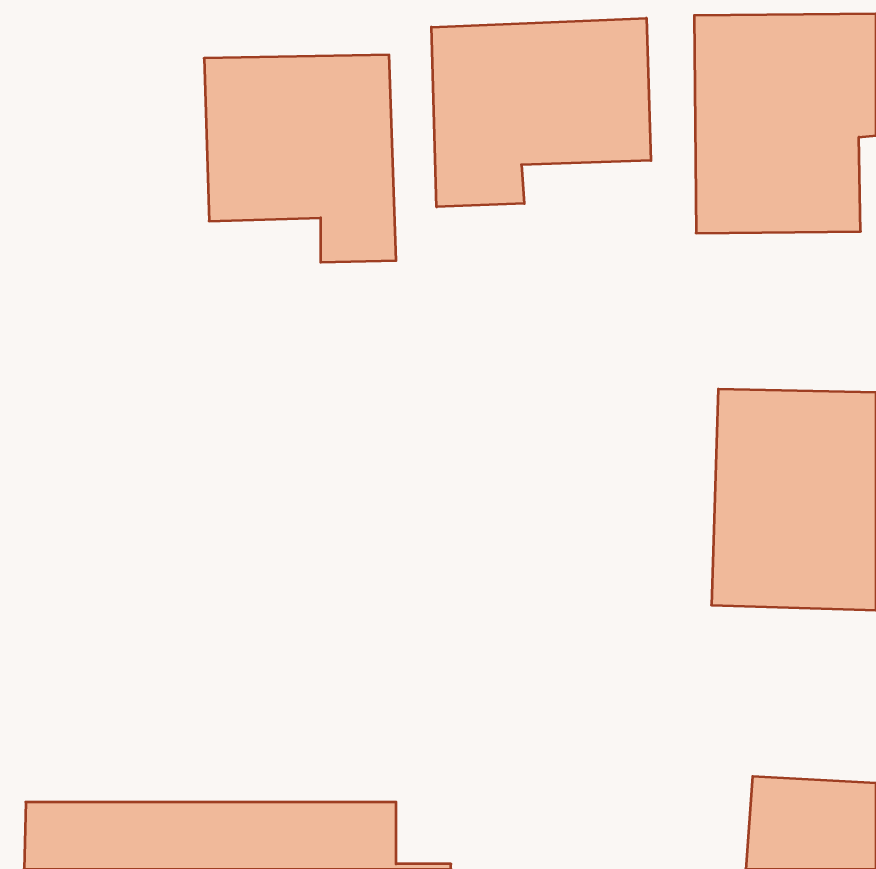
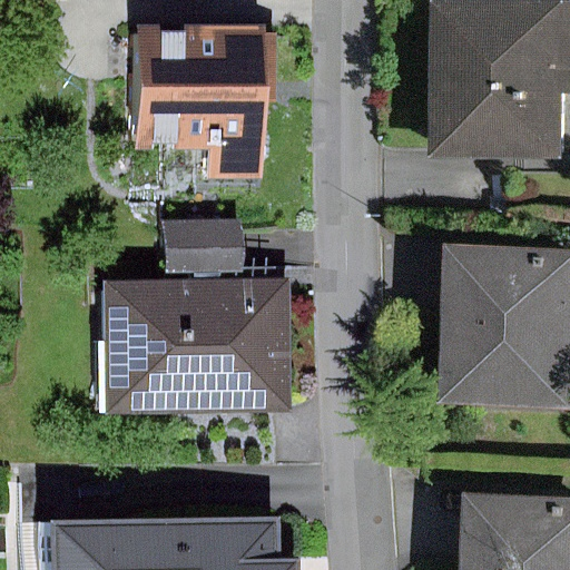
building: [431,18,651,207] -> none
building: none -> [105,232,278,411]

